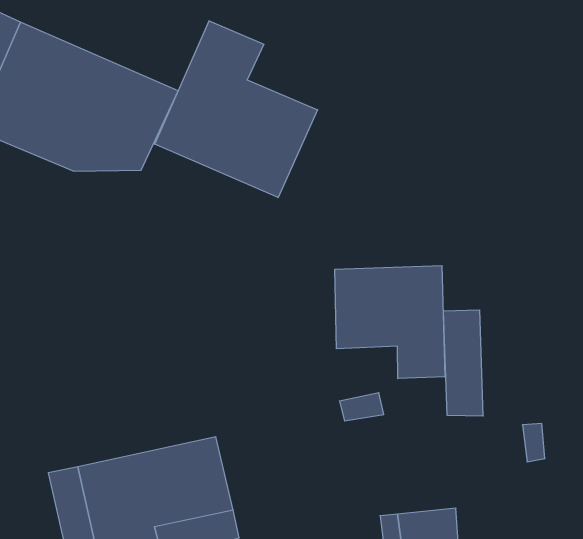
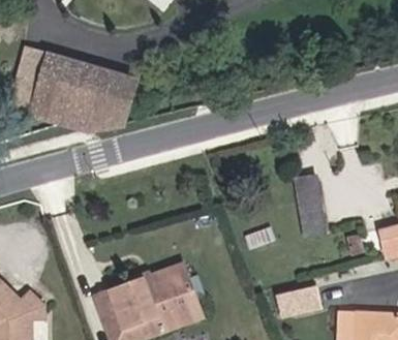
building: [155,21,318,198] -> none
building: [335,266,445,379] -> none

